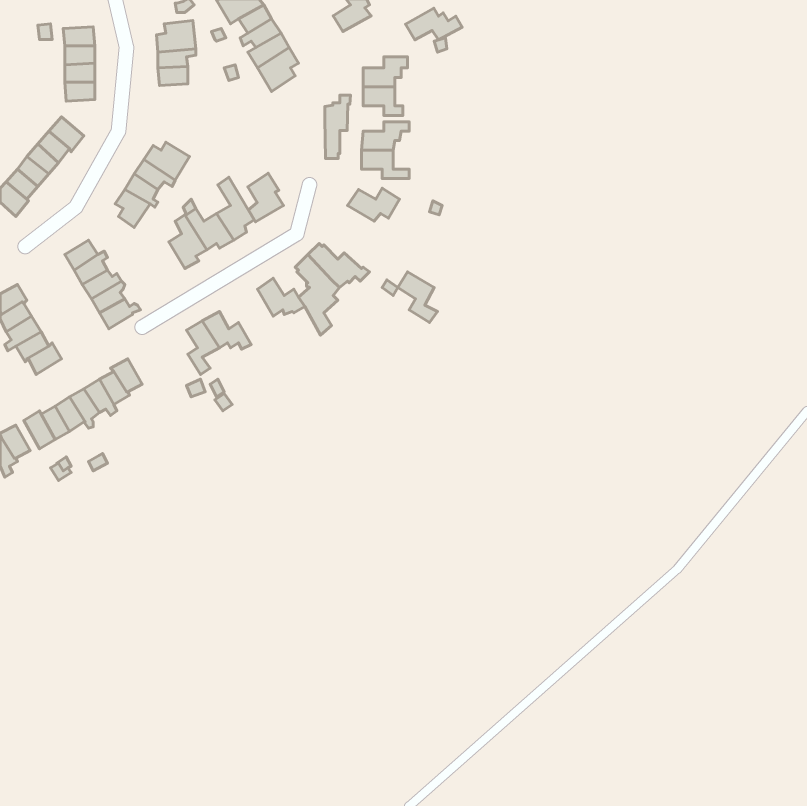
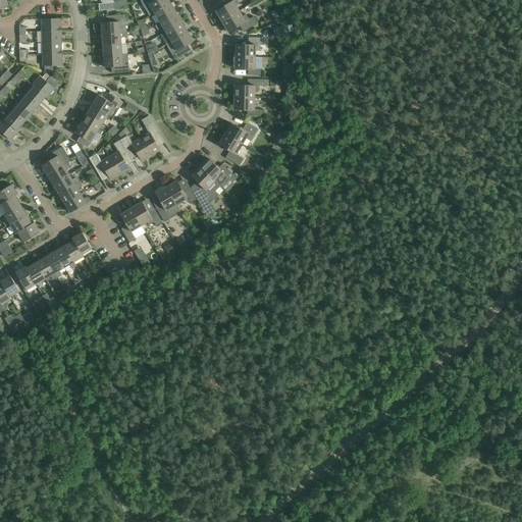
building: [405,8,462,40] -> [221,10,258,31]
building: none -> [103,53,129,72]
building: [325,95,351,158] -> none
building: [248,173,283,222] -> none
building: none -> [89,153,119,179]
building: [398,272,437,322] -> [218,133,244,165]
building: none -> [155,187,176,221]

